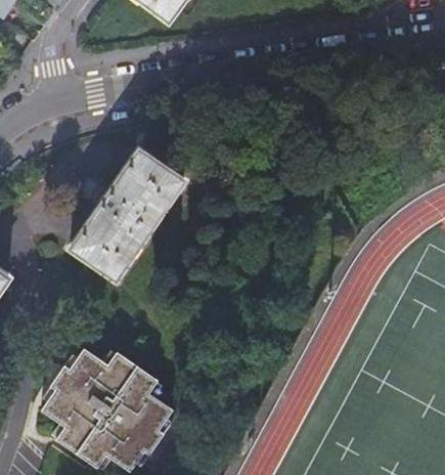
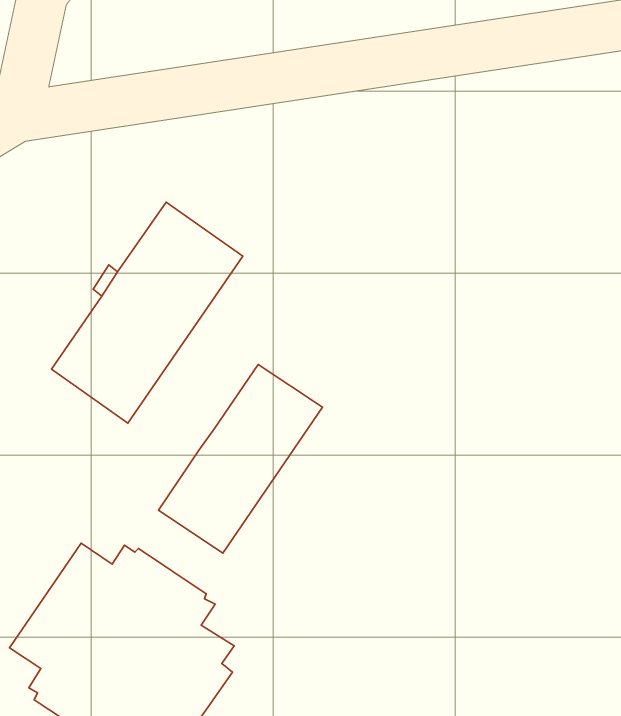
building: none -> [159,364,323,553]

